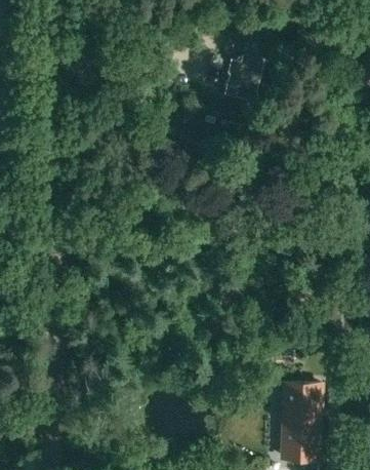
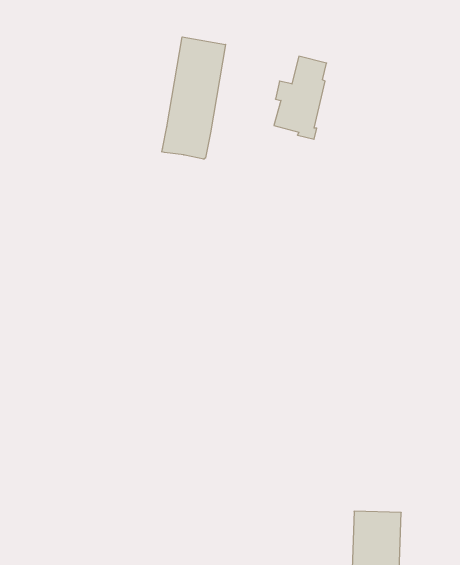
building: none -> [162,37,226,159]

